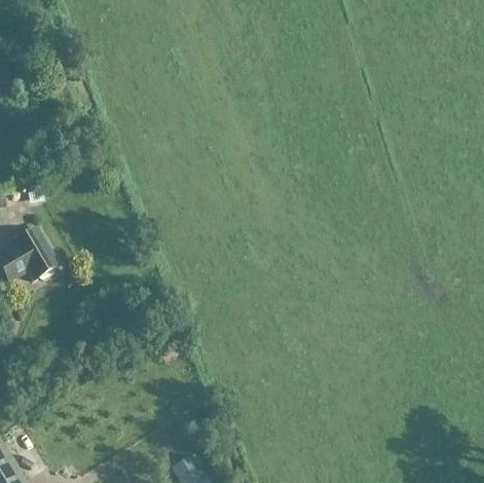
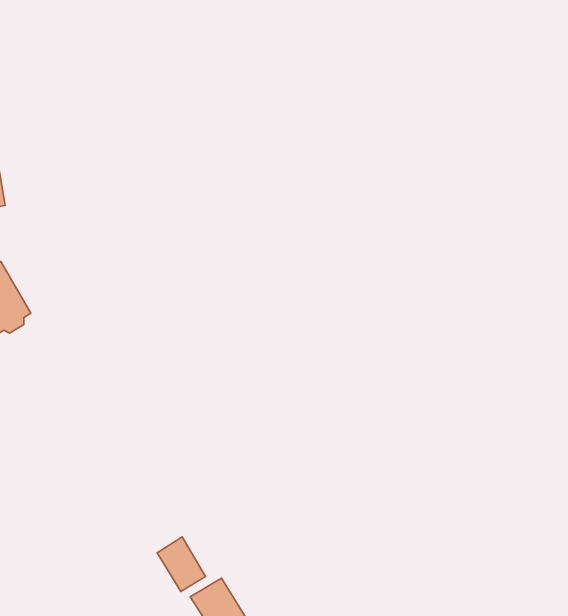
building: none -> [157,537,205,591]

